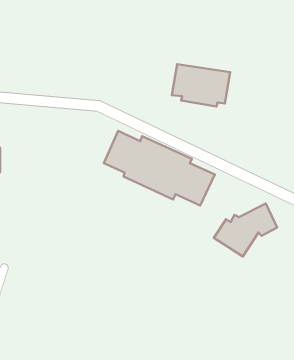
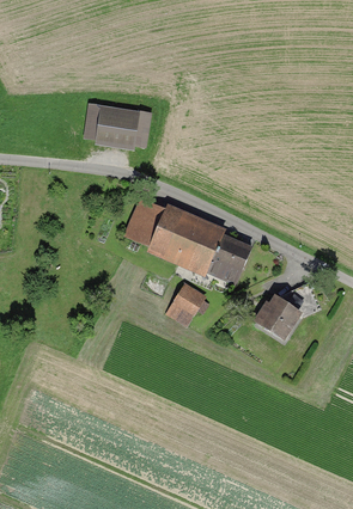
building: [172,64,230,107] -> [83,102,150,151]
building: none -> [164,280,209,326]

